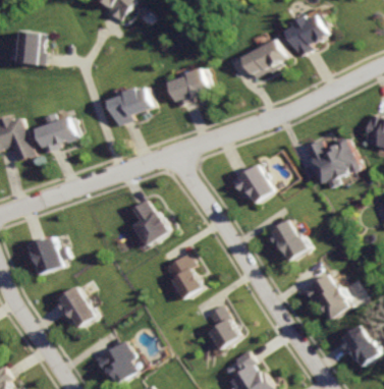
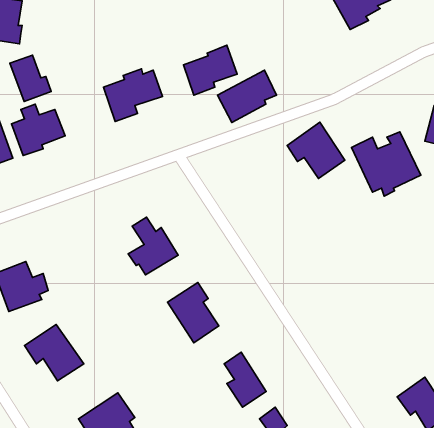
building: [242,38,288,78] -> [217,70,276,123]
building: none -> [10,55,51,102]
building: [228,162,273,206] -> [287,122,345,178]
building: [263,219,306,261] -> none
building: [300,273,347,319] -> none

